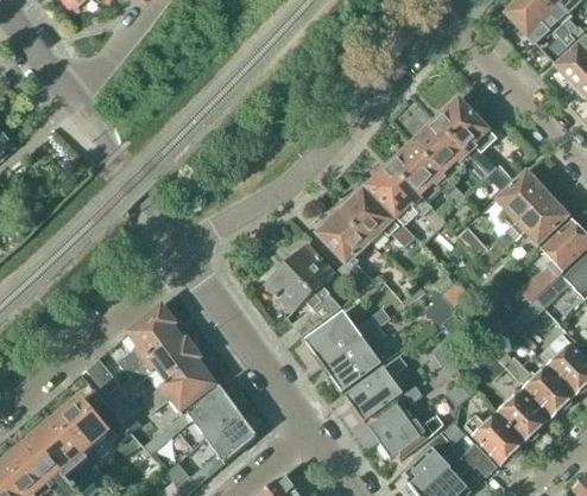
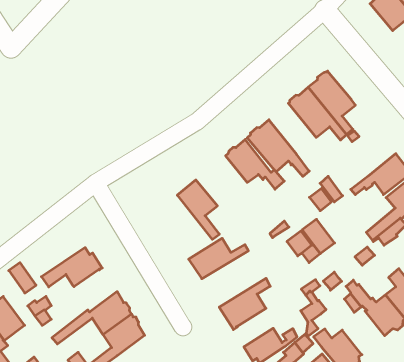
building: [391,140,465,203] -> none
building: [496,168,549,222] -> none
building: [317,209,375,291] -> none
building: [264,261,332,335] -> none
building: [118,304,177,371] -> none
building: [322,323,385,390] -> none
building: [141,357,214,411] -> none
building: [368,383,422,440] -> none
building: [498,390,547,440] -> none

